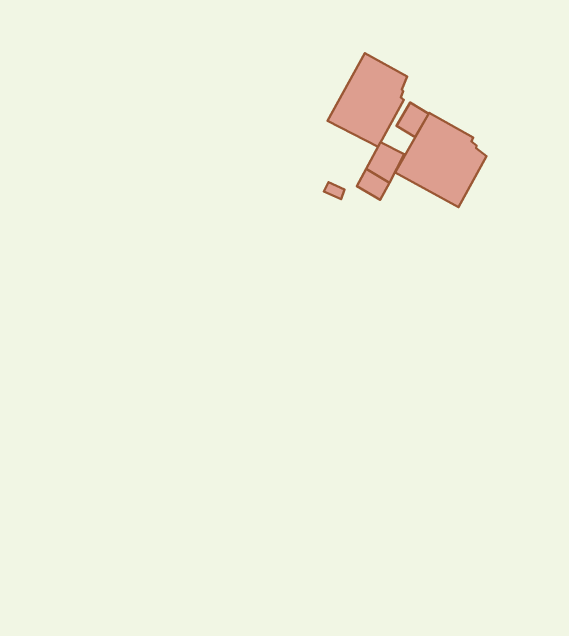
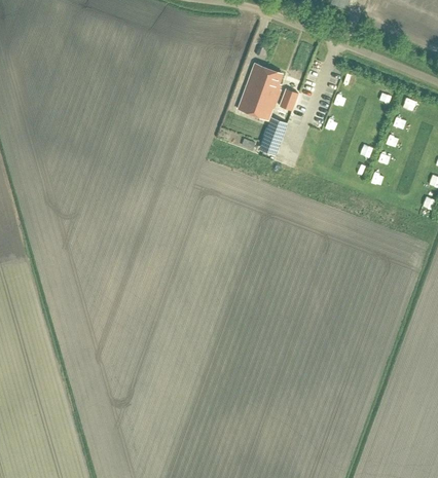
building: [395,113,487,207] -> none

